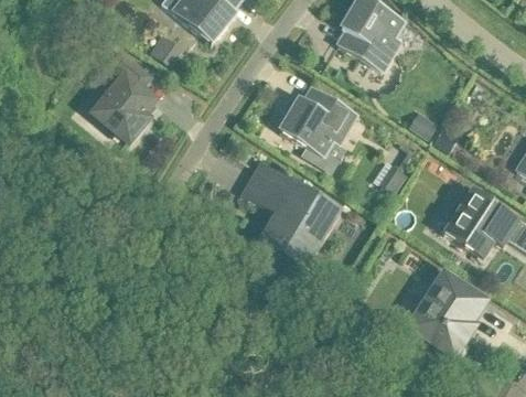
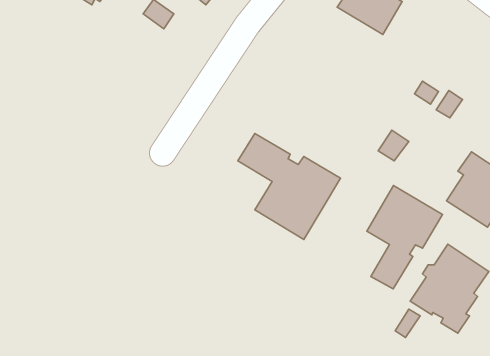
building: [95,52,155,141] -> none
building: [280,86,357,155] -> none
building: none -> [367,185,442,289]

